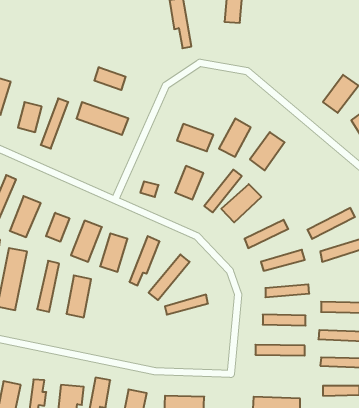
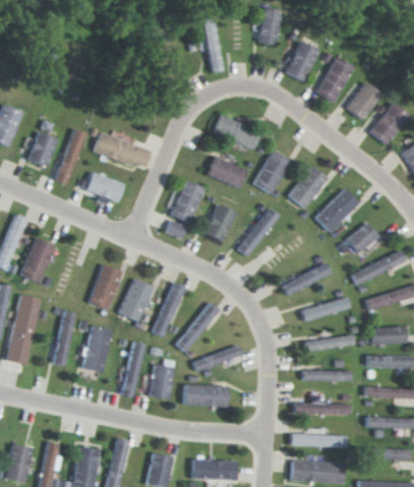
building: none -> [286,41,318,81]
building: none -> [315,56,353,102]
building: none -> [346,81,381,120]
building: [94,67,126,90] -> none
building: none -> [212,115,260,150]
building: none -> [85,172,124,204]
building: none -> [170,180,204,223]
building: none -> [339,222,378,253]
building: [221,184,261,222] -> [314,189,359,232]
building: [46,213,69,242] -> none
building: none -> [368,326,405,344]
building: none -> [119,341,145,397]
building: none -> [151,365,173,399]
building: none -> [184,385,228,406]
building: none -> [290,427,346,446]

